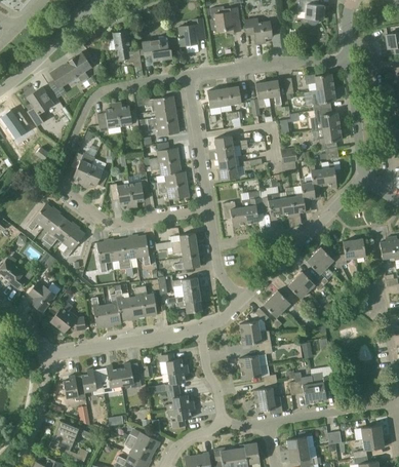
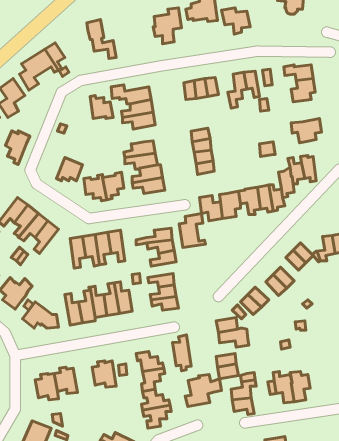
building: [143,36,171,61] -> none
building: [96,105,119,131] -> none
building: [314,108,340,129] -> none
building: [71,152,94,185] -> [5,131,30,165]
building: none -> [179,213,205,247]
building: none -> [173,335,191,371]
building: [99,365,121,393] -> none
building: none -> [185,374,221,407]

